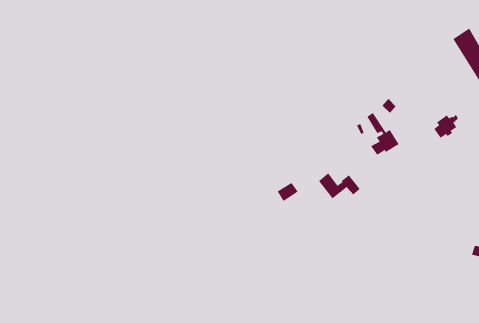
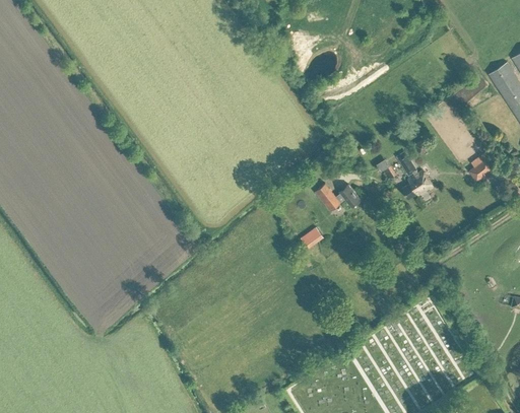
building: [318,173,361,199] -> [315,184,361,212]

